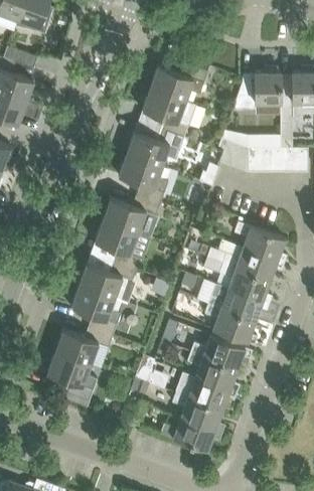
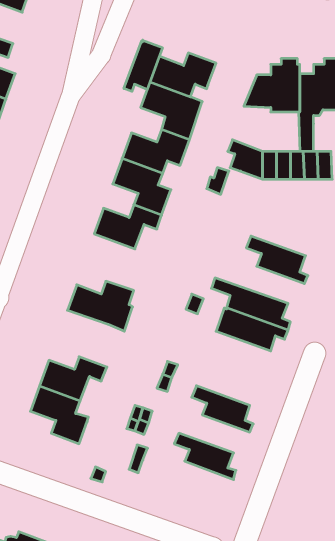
building: none -> [124,40,162,91]
building: [96,219,149,269] -> none
building: [207,240,285,280] -> none
building: [71,286,122,335] -> none
building: [205,304,259,345] -> none
building: [191,335,253,368] -> none
building: [176,371,238,410] -> none
building: [161,417,223,451] -> none

